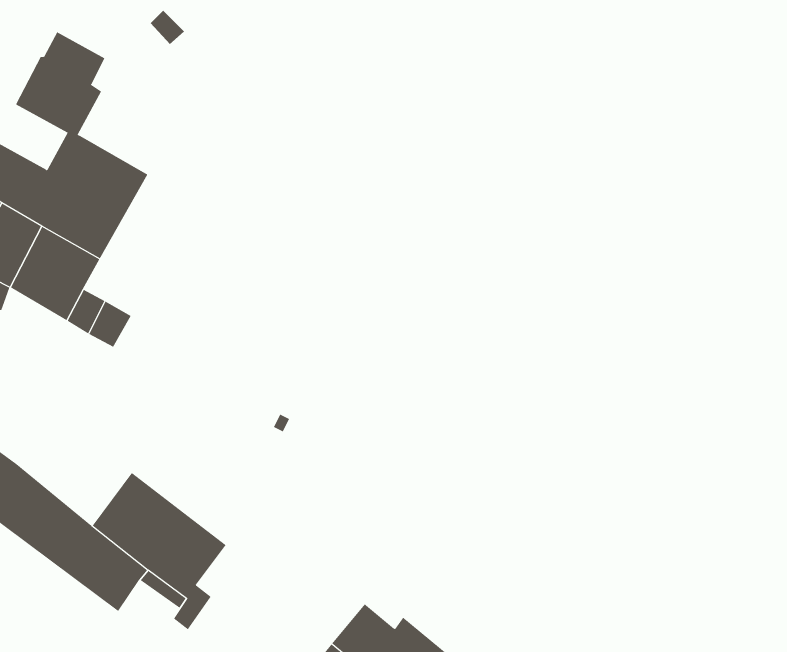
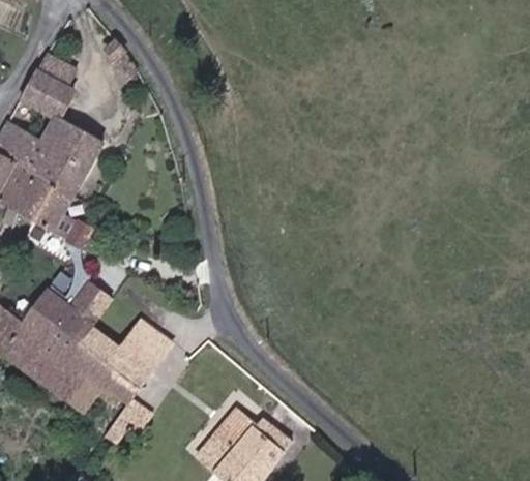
building: none -> [21,282,112,360]
building: none -> [119,322,171,372]

